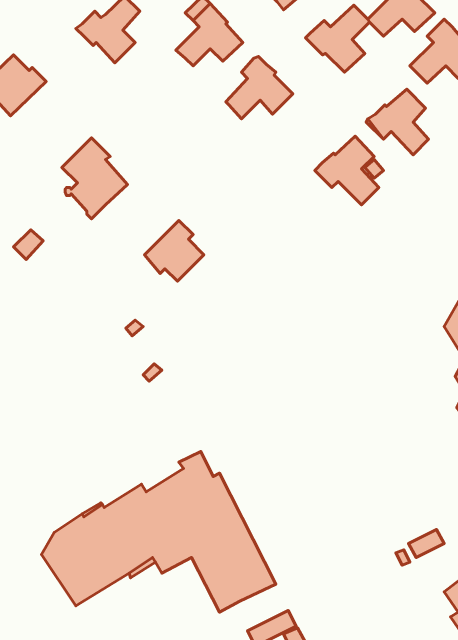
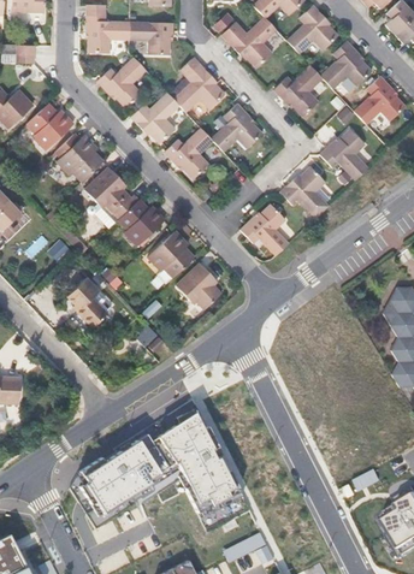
building: none -> [130,91,181,143]
building: none -> [164,128,214,179]
building: none -> [57,134,104,181]
building: none -> [119,199,165,244]
building: none -> [242,203,290,254]
building: none -> [176,262,224,309]
building: none -> [70,284,105,333]

